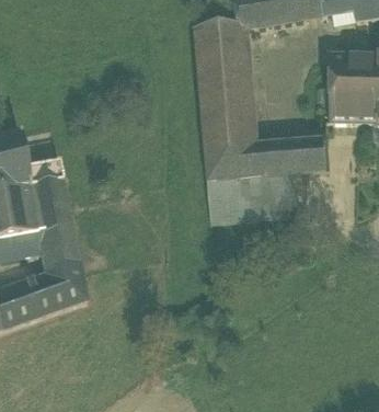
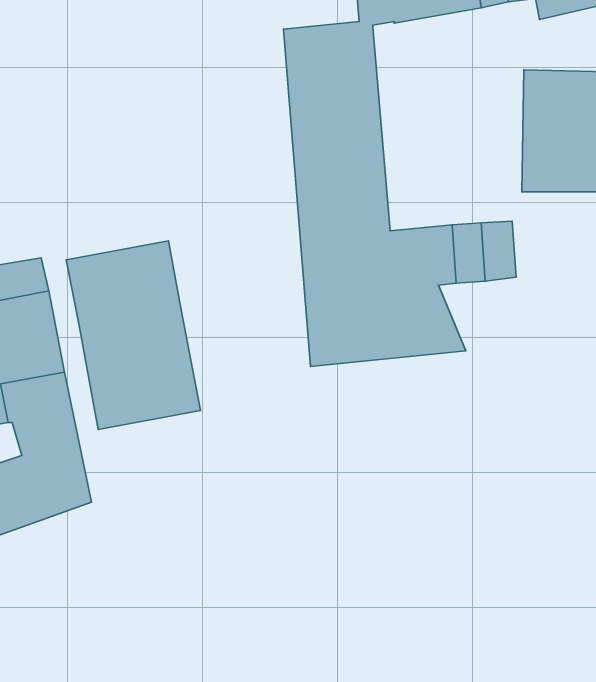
building: none -> [66,241,200,430]

